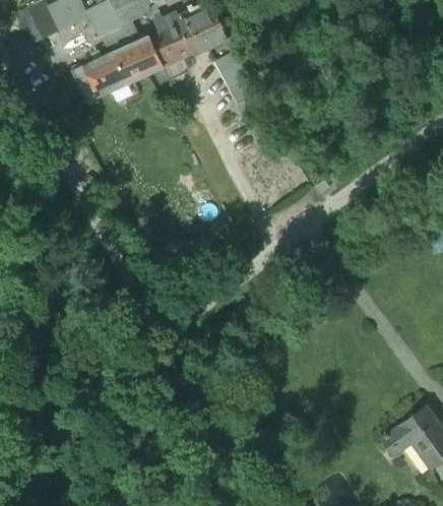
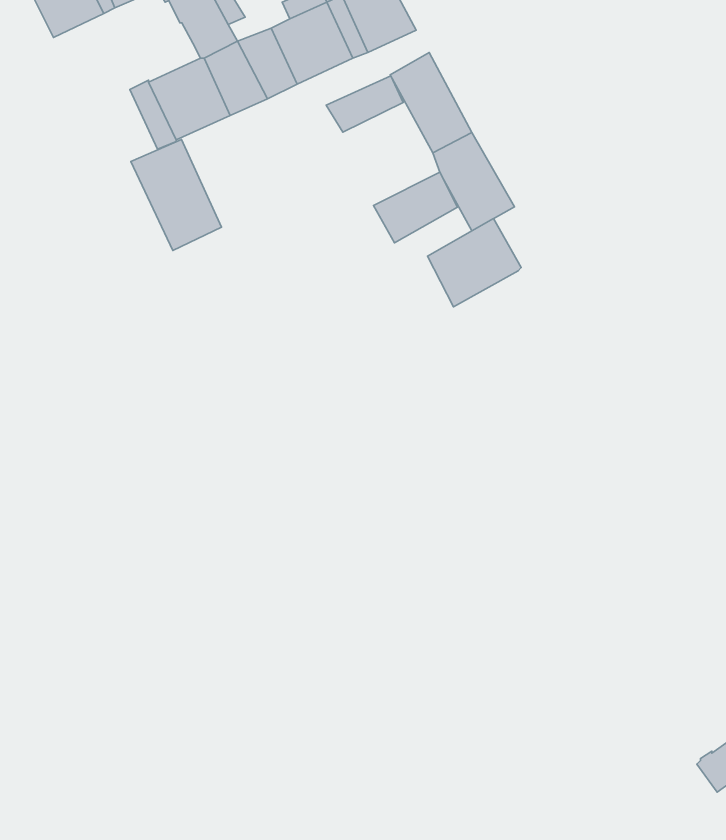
building: none -> [326,76,403,132]
building: none -> [131,139,222,251]
building: none -> [373,172,458,243]
building: none -> [427,219,521,307]

